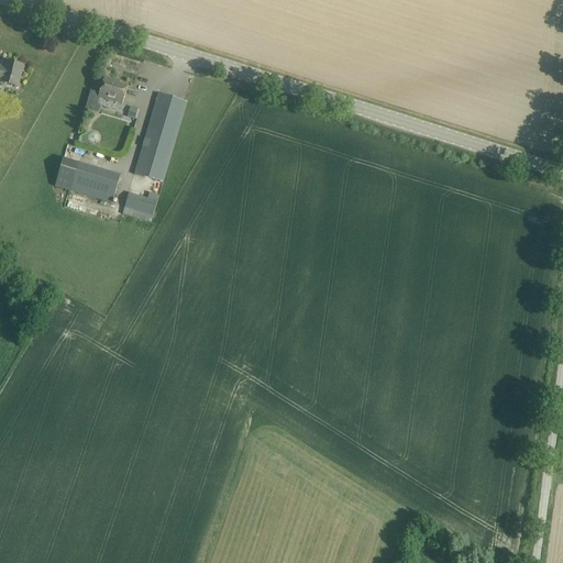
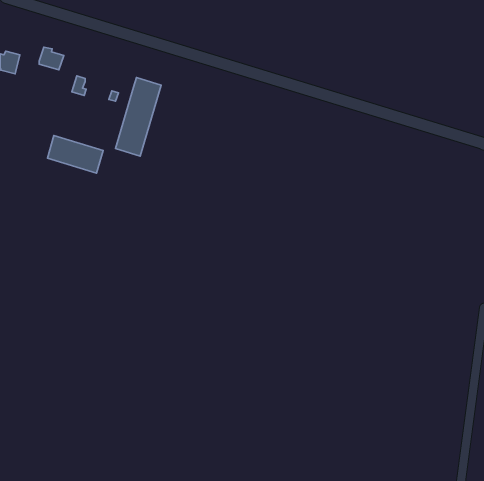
building: [99,75,128,101] -> [39,47,64,70]
building: [123,192,157,220] -> none

